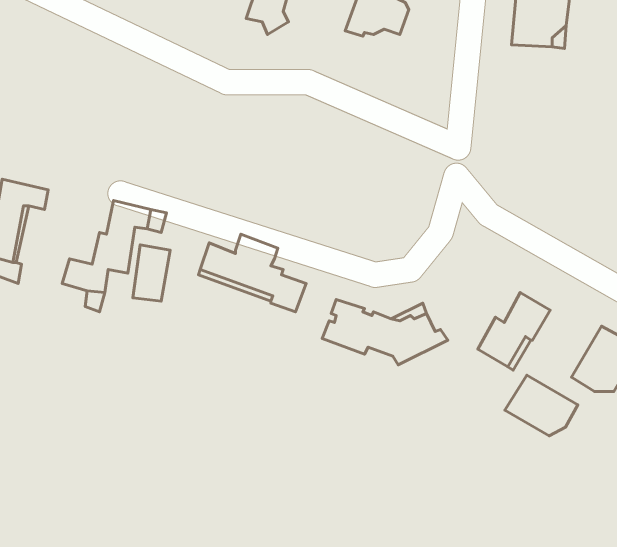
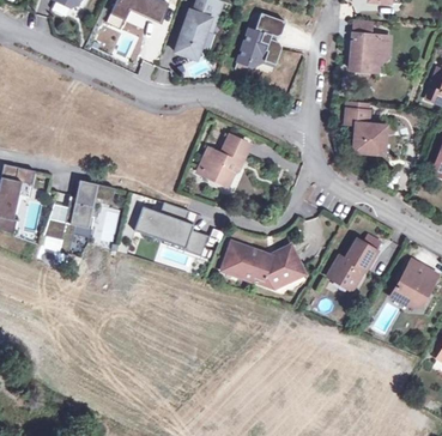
building: none -> [345,109,386,153]
building: none -> [196,135,249,186]
building: [505,375,578,436] -> none

